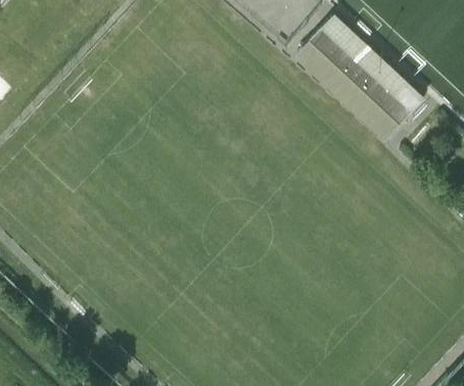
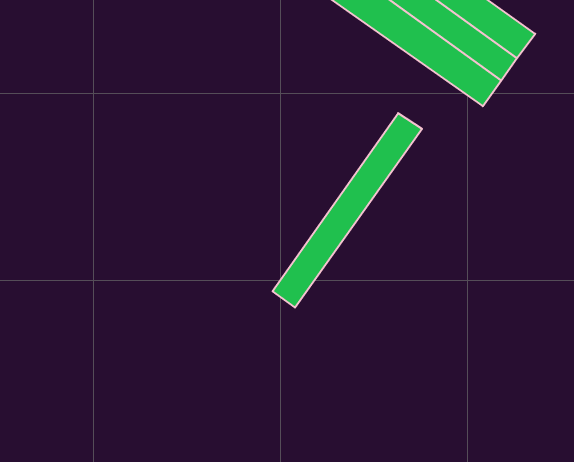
building: none -> [273,113,422,308]

